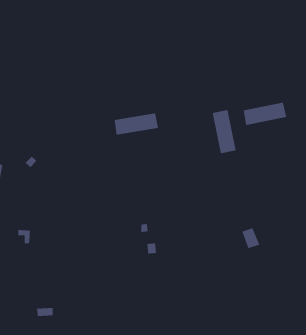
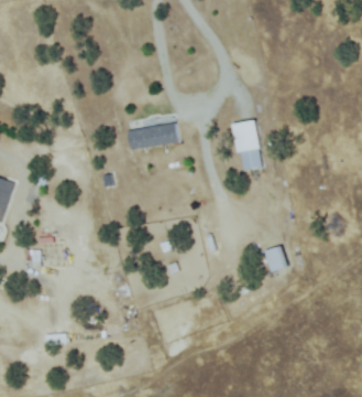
building: [243,102,287,126] -> none

